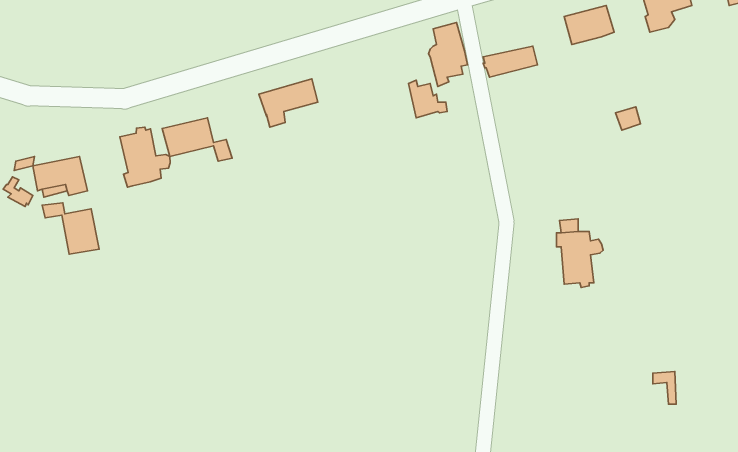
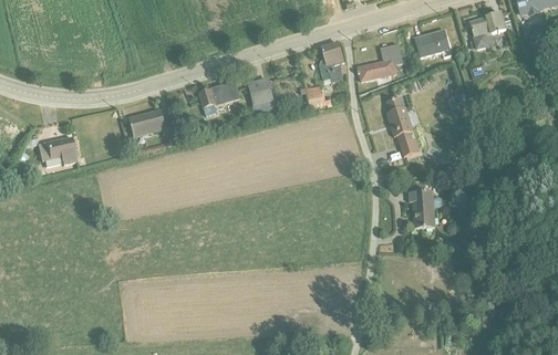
building: none -> [247,76,275,112]
building: none -> [385,96,419,155]
building: [120,127,170,187] -> none
building: [42,203,99,254] -> none

